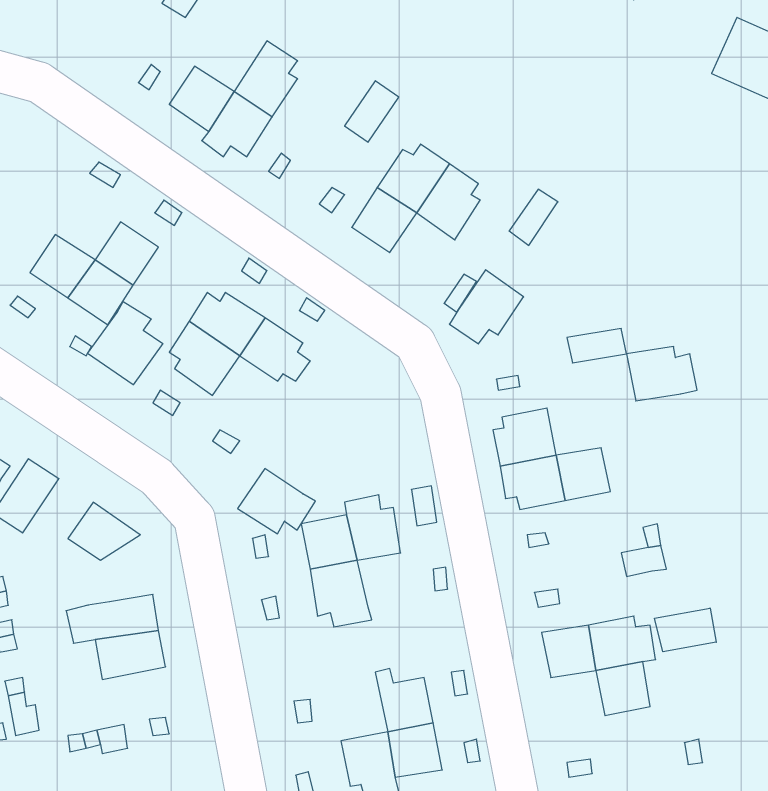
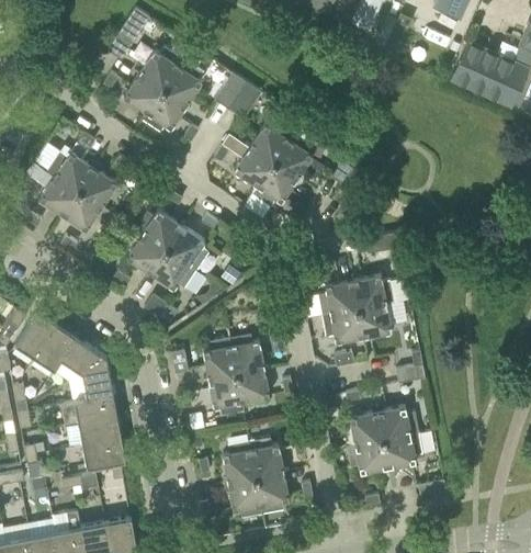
building: none -> [138,47,182,89]
building: none -> [214,72,248,110]
building: none -> [47,151,93,191]
building: [449,270,524,344] -> [251,162,296,207]
building: [88,302,163,385] -> none
building: [627,347,697,401] -> [352,276,395,309]
building: [238,469,315,534] -> [149,249,196,289]
building: none -> [34,324,77,370]
building: none -> [81,358,113,398]
building: none -> [237,369,269,402]
building: [655,608,716,652] -> none
building: none -> [82,438,125,469]
building: none -> [347,440,387,473]
building: none -> [223,441,256,483]

